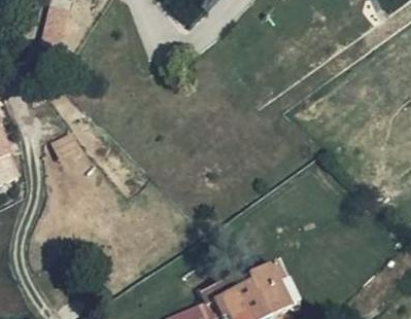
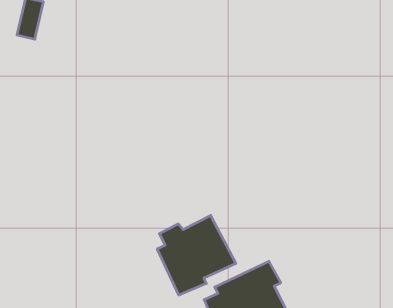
building: none -> [157,215,236,295]

